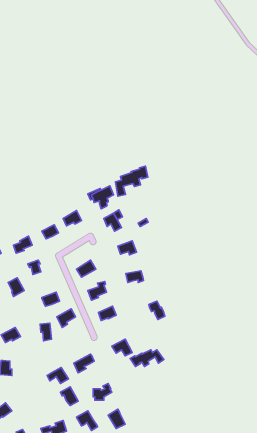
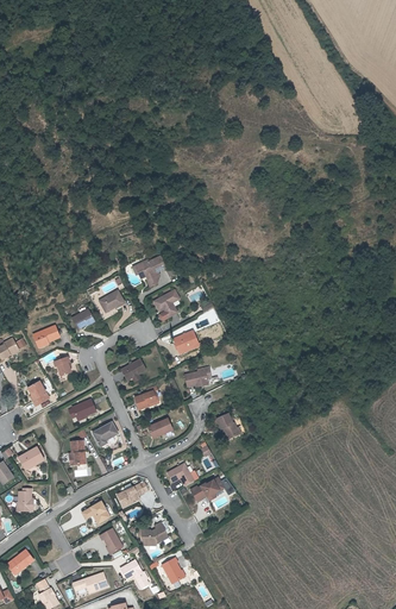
building: [115,166,148,196] -> none

